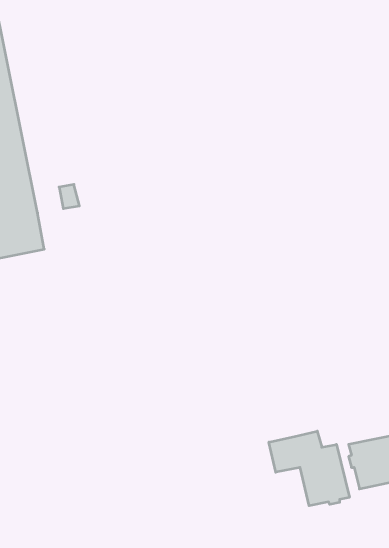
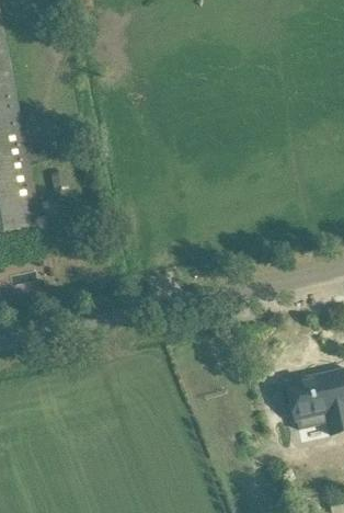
building: [269,431,349,506] -> none

